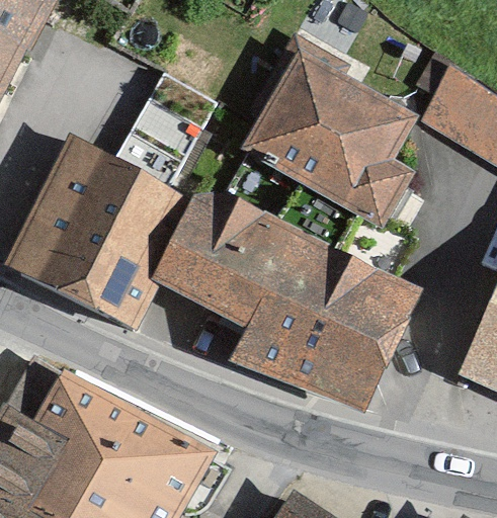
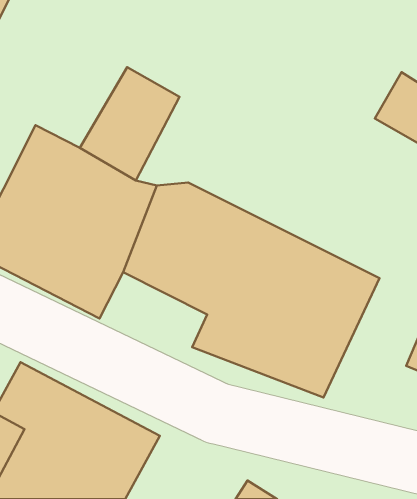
building: [239,54,405,229] -> none

